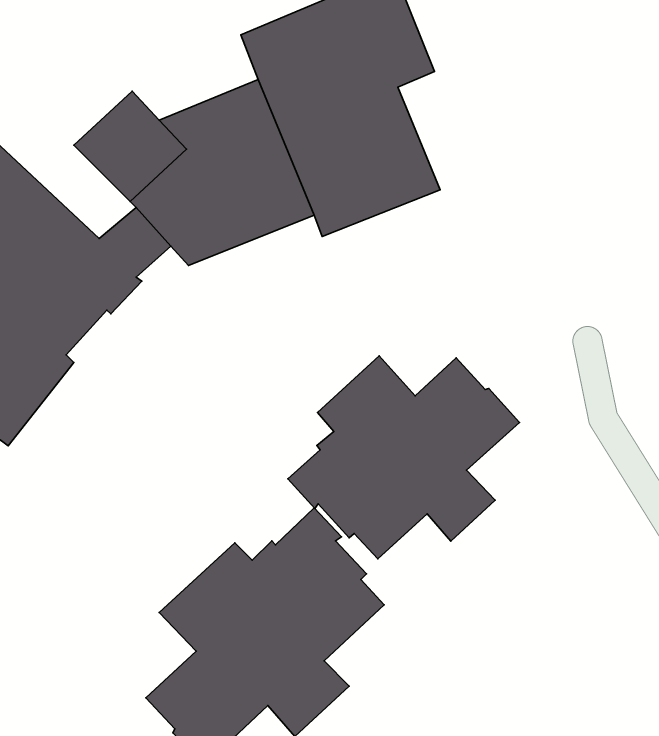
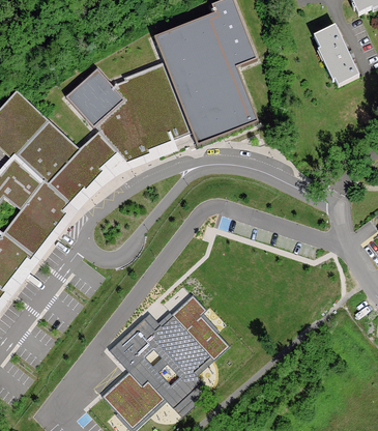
building: none -> [315,25,359,85]
building: [288,356,519,559] -> none

